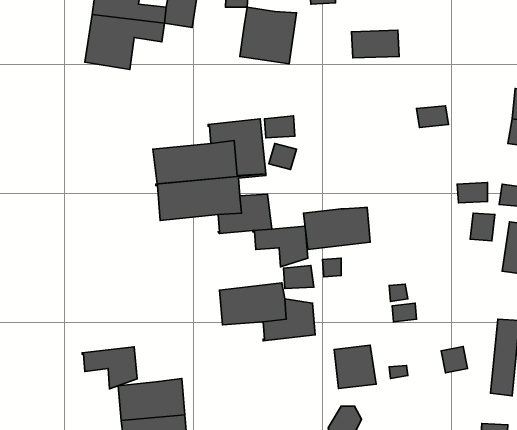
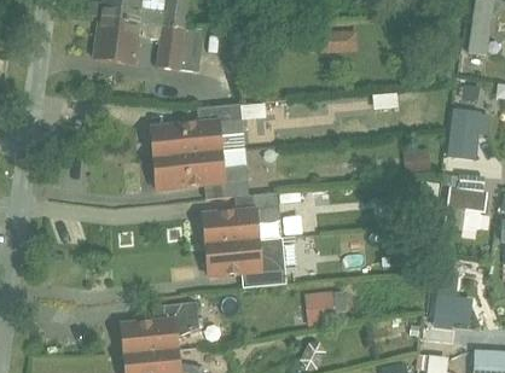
building: [240,7,296,64] -> [155,22,202,69]
building: [304,207,370,249] -> [203,209,259,244]
building: [82,347,137,389] -> [153,299,199,334]

